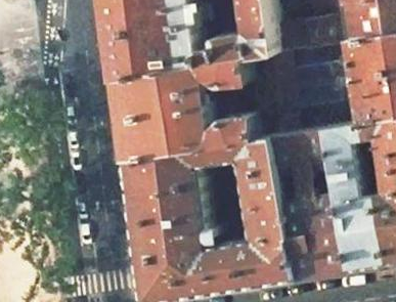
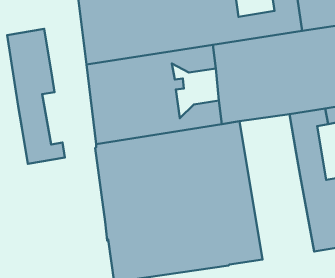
building: none -> [7,29,65,164]
building: [269,130,346,279] -> none

